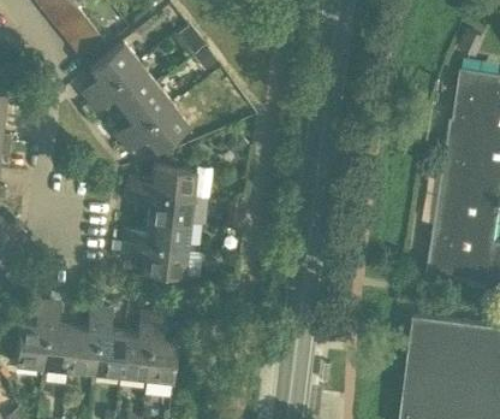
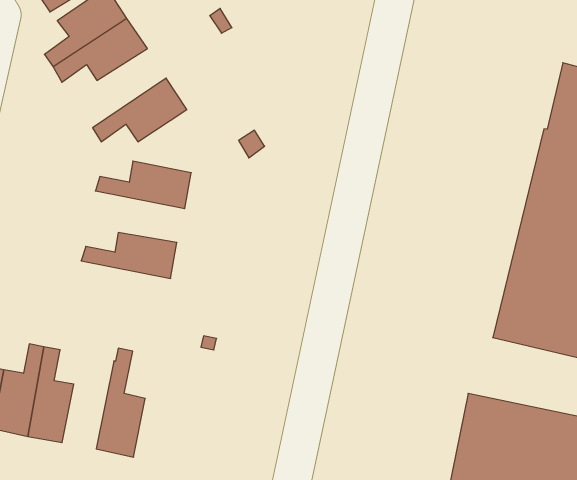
building: [114,85,172,147] -> none
building: [126,193,194,225] -> none
building: [120,244,187,279] -> none
building: [119,314,151,380] -> none

